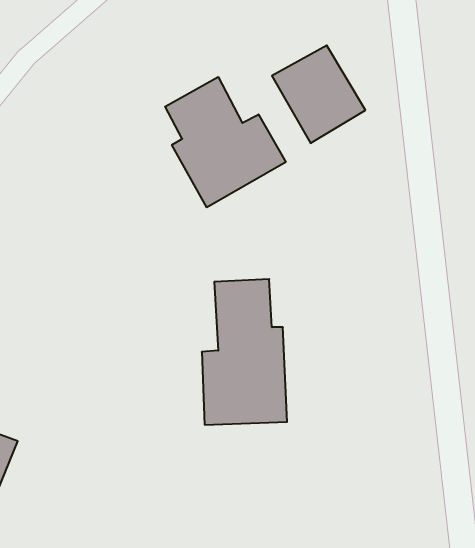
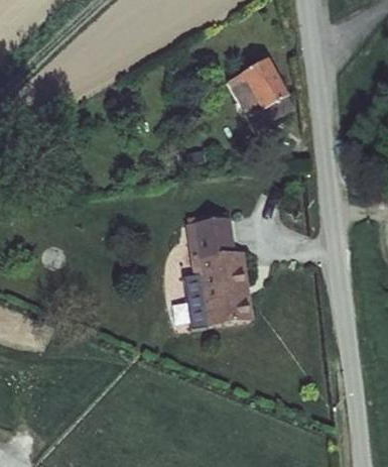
building: [165,77,286,207] -> none

